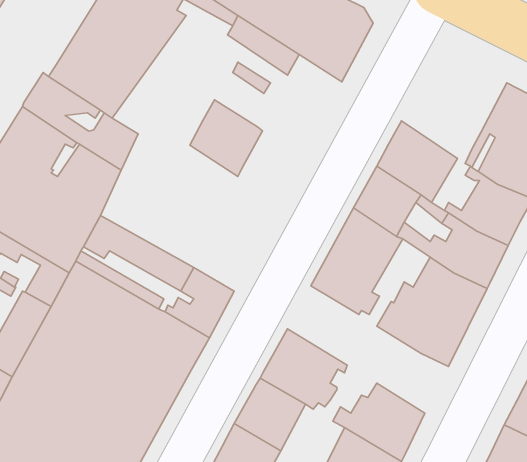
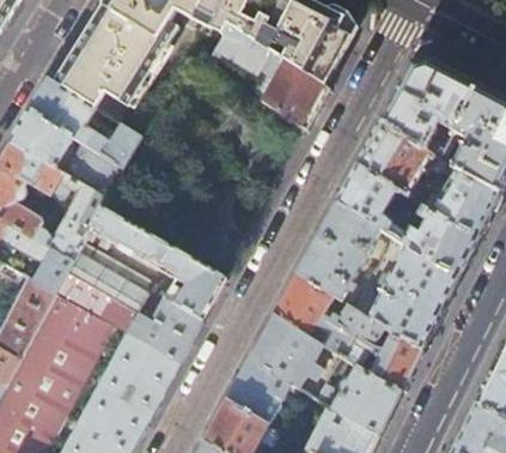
building: none -> [379,64,476,162]
building: [190,100,263,176] -> [262,61,329,132]
building: none -> [274,274,422,392]

